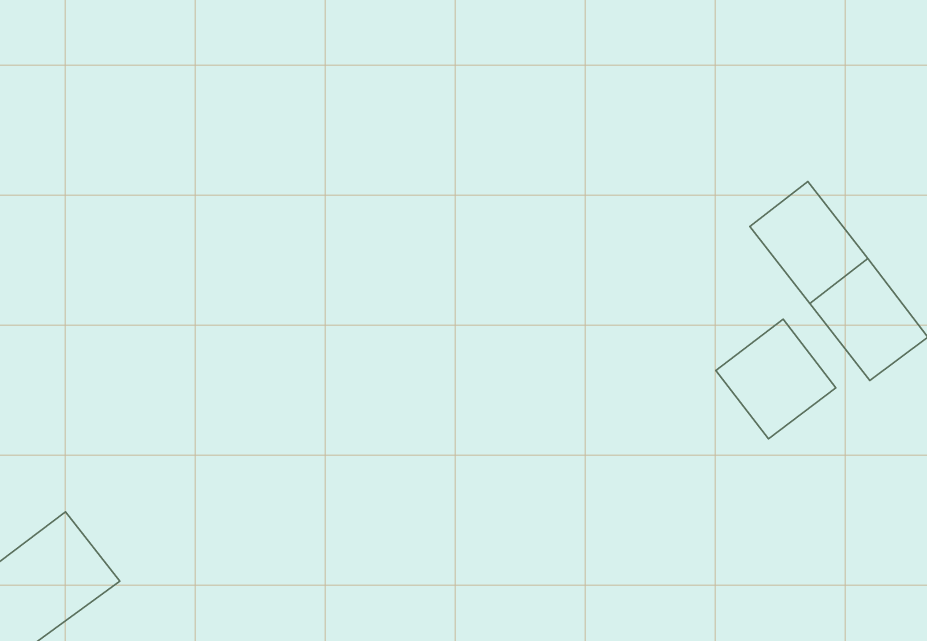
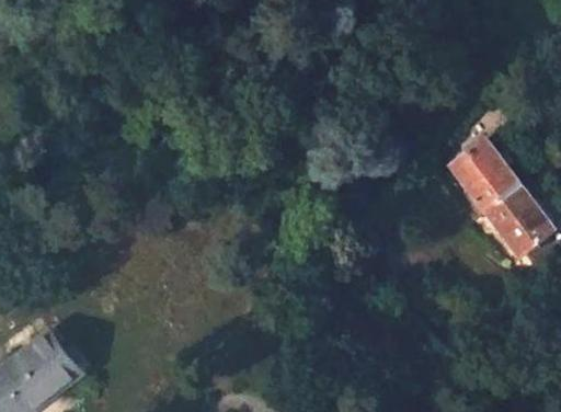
building: [716,319,836,439] -> none

